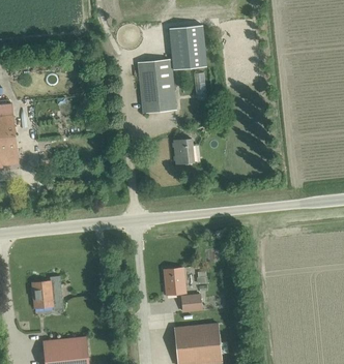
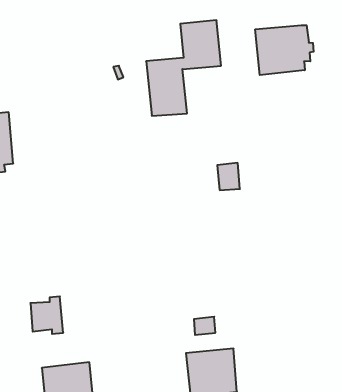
building: none -> [255,25,314,75]
building: [173,139,194,163] -> [217,163,240,190]
building: [164,268,185,295] -> none

